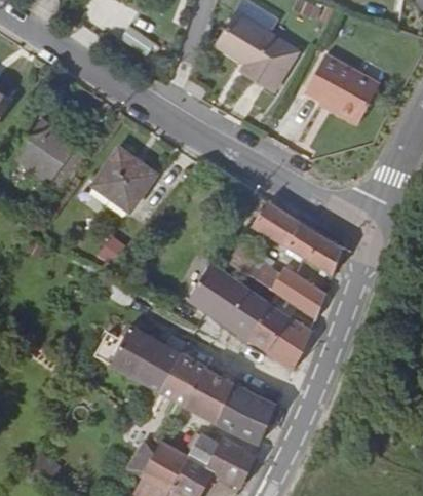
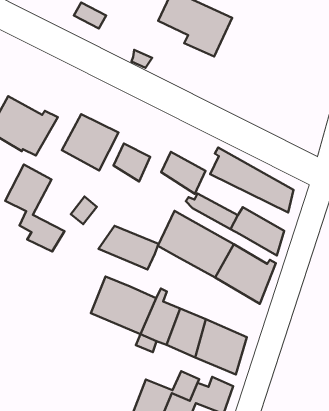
building: [301,61,375,129] -> none
building: none -> [114,144,150,182]
building: none -> [5,164,64,251]
building: none -> [161,152,206,194]
building: none -> [98,226,159,270]

